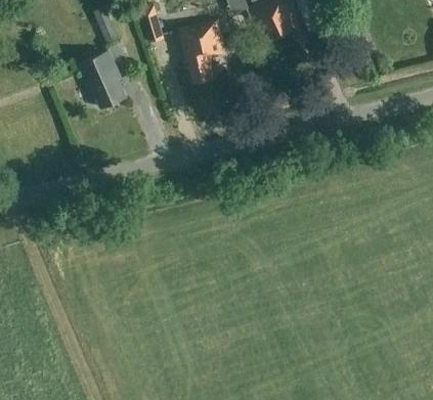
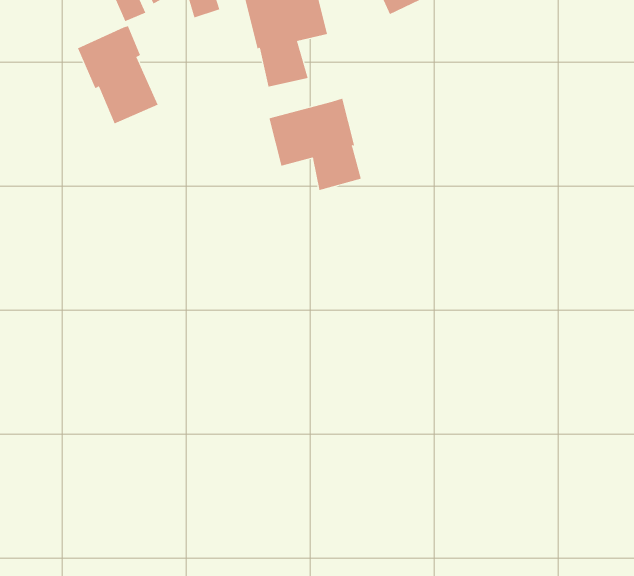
building: none -> [269,98,362,191]

